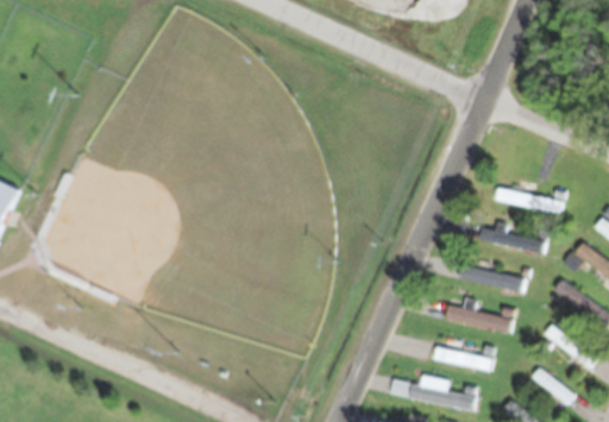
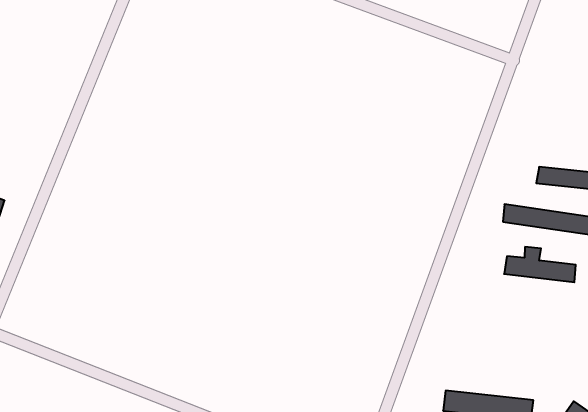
building: [445,303,514,333] -> none
building: [433,345,494,372] -> none

